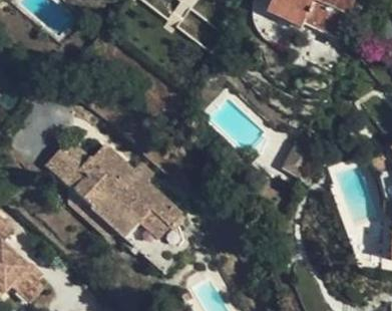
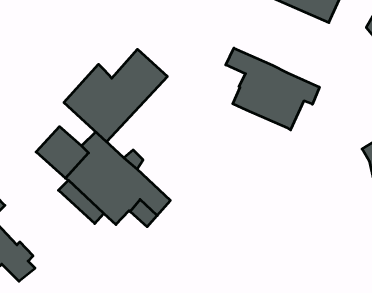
building: none -> [226,48,319,130]
building: none -> [64,49,167,142]

